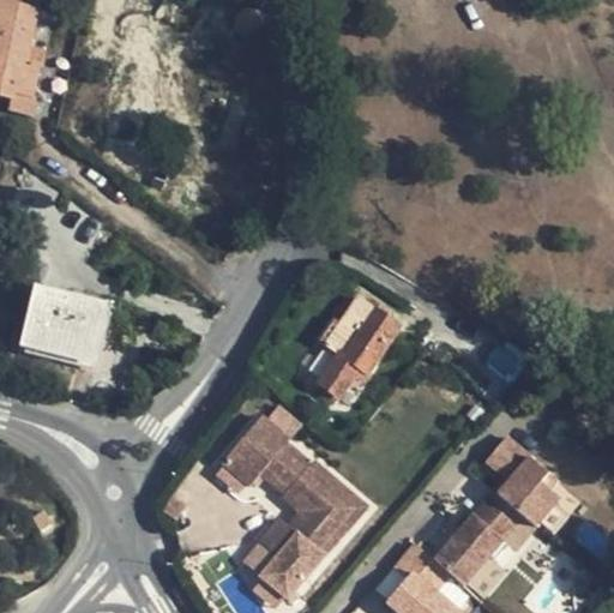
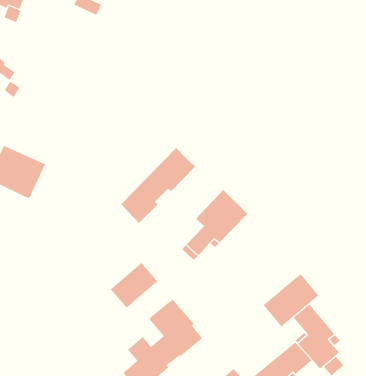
building: none -> [120,147,196,224]
building: none -> [263,273,319,327]
building: [260,444,309,494] -> none

